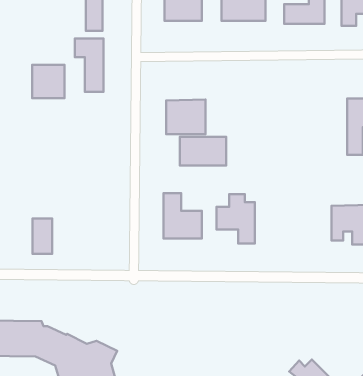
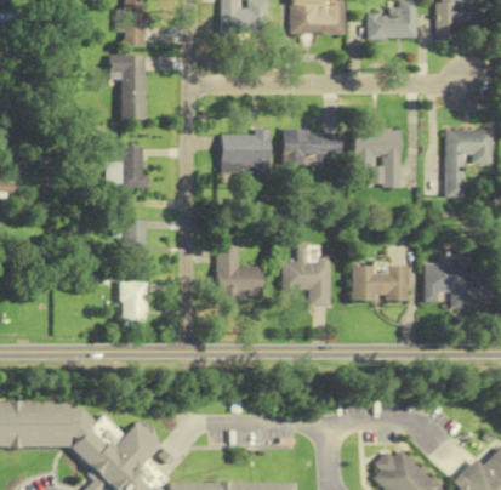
building: [32,65,65,98] -> [106,146,146,187]
building: none -> [355,129,402,187]
building: [180,137,226,165] -> [284,129,341,164]
building: none -> [116,220,146,262]
building: none -> [354,266,409,301]
building: [33,218,52,254] -> [121,283,146,326]

